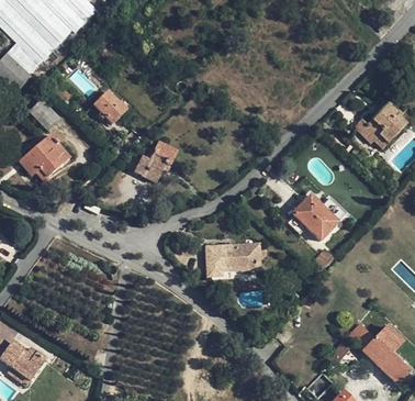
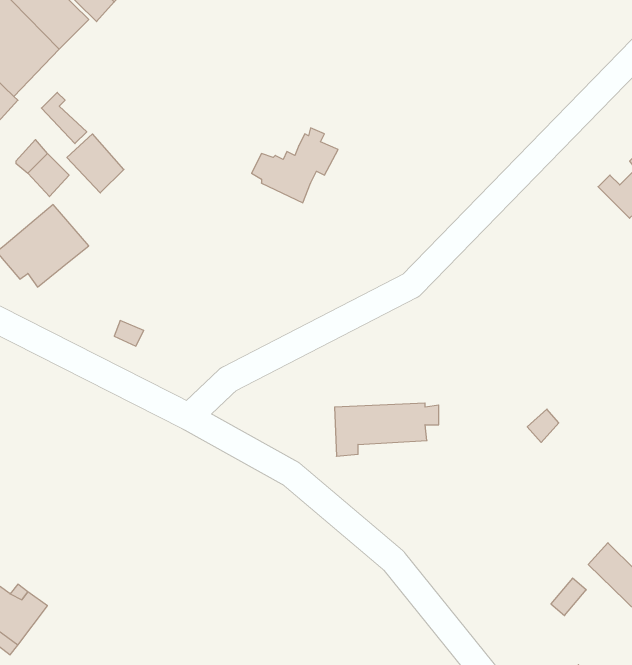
building: [93,90,125,123] -> [67,134,124,193]
building: [128,141,177,182] -> [252,128,338,203]
building: [293,194,337,240] -> none

